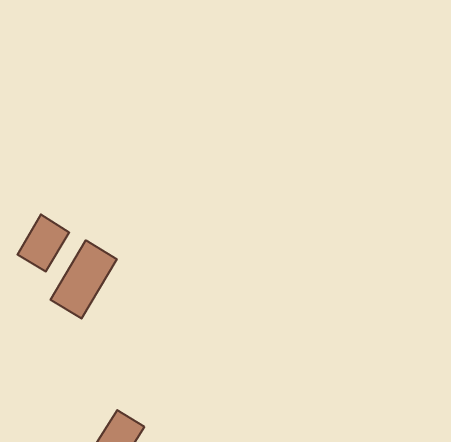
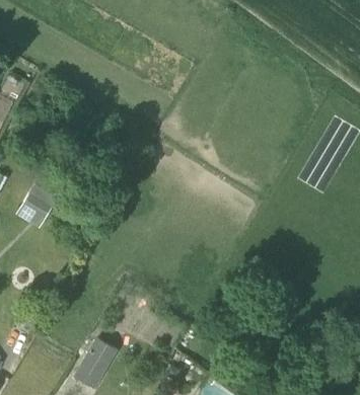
building: [51,240,117,319] -> none

